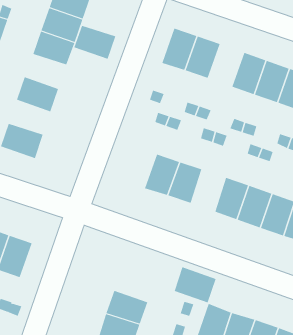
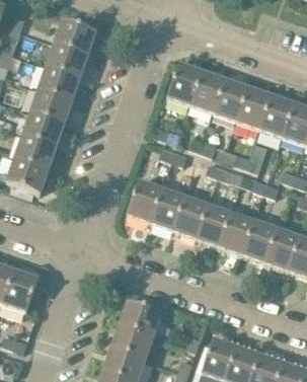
building: [73,25,116,60] -> [29,89,72,124]
building: none -> [213,79,248,122]
building: none -> [13,135,56,169]
building: none -> [127,180,161,223]
building: none -> [196,204,230,246]
building: [174,267,216,303] -> [119,300,161,336]

